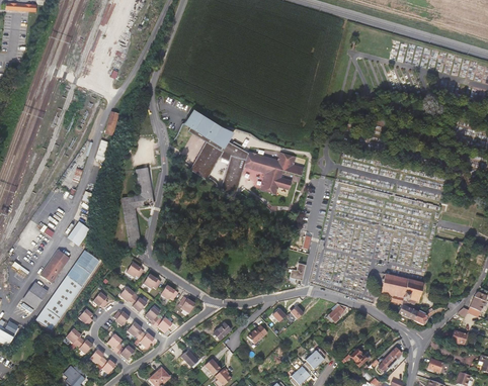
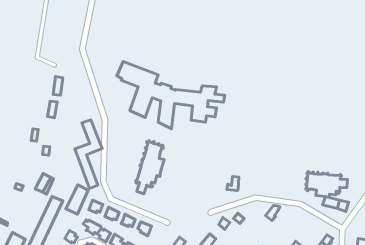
building: none -> [136,141,164,194]
building: [40,250,70,283] -> [66,185,88,214]

